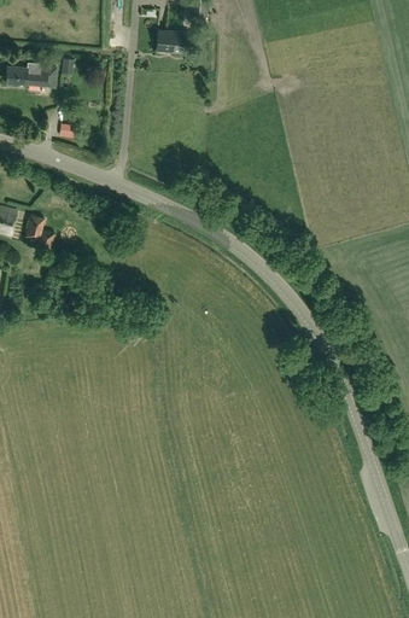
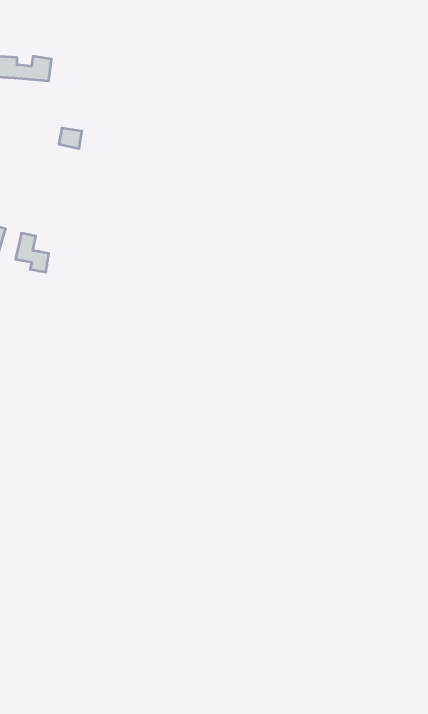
building: [154,29,188,53] -> none

